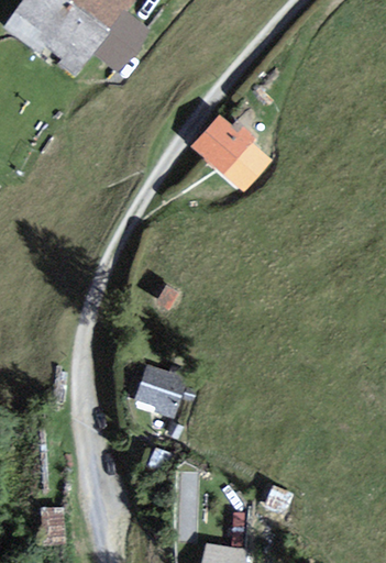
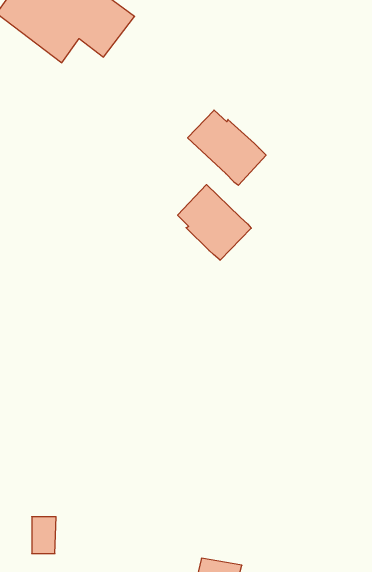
building: none -> [178,185,251,260]
building: [135,366,184,415] -> none

